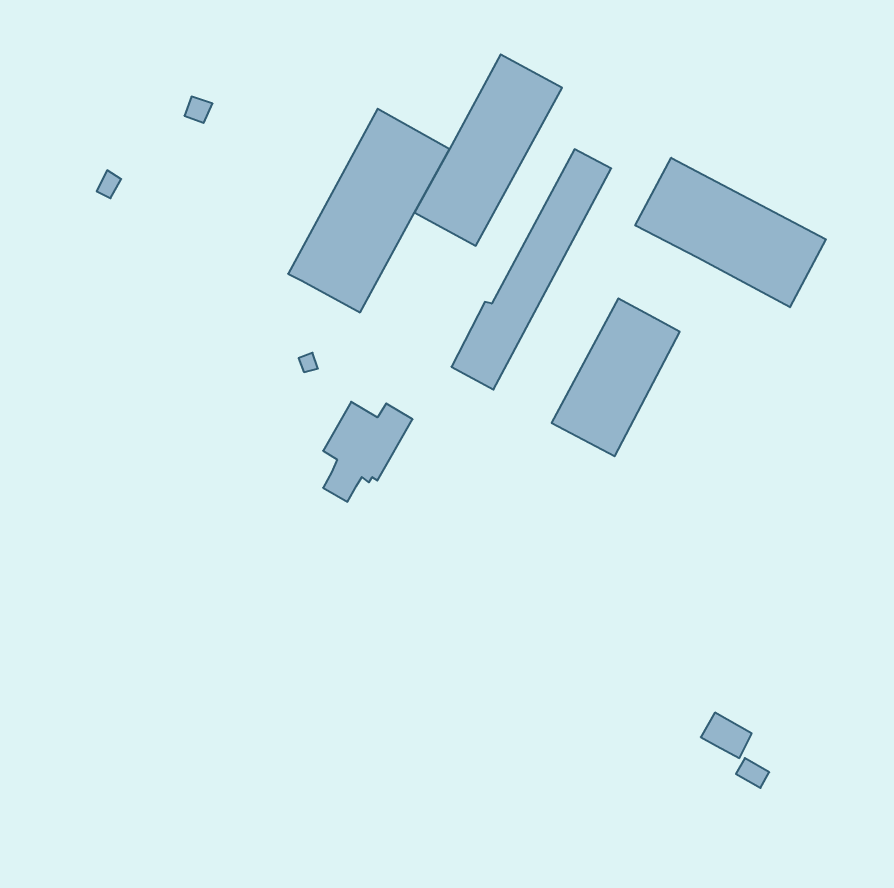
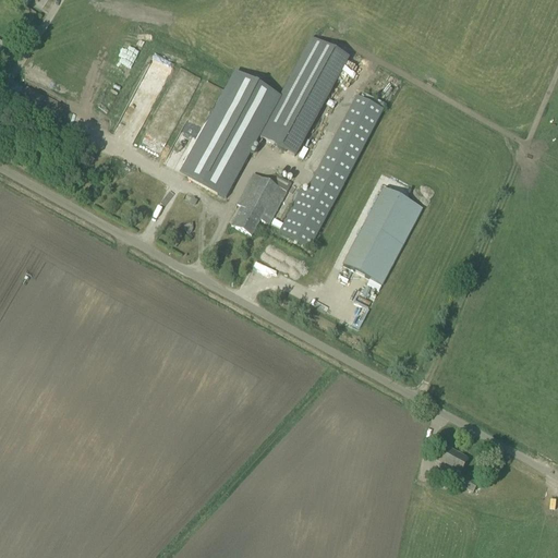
building: [635,158,826,307] -> none
building: [323,402,413,502] -> [238,171,293,233]

